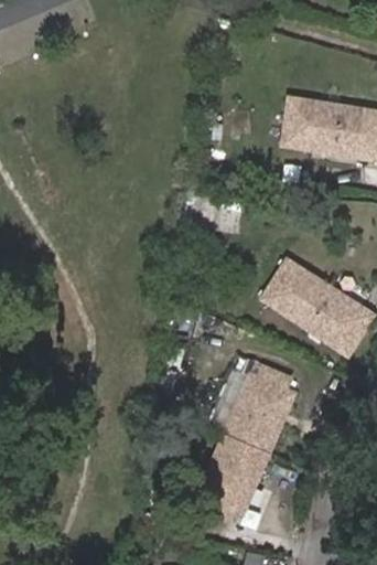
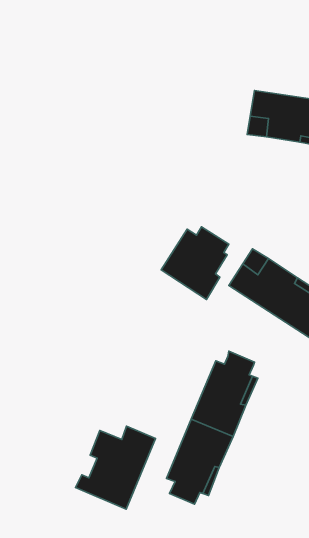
building: none -> [161,227,229,300]
building: none -> [75,426,156,509]

